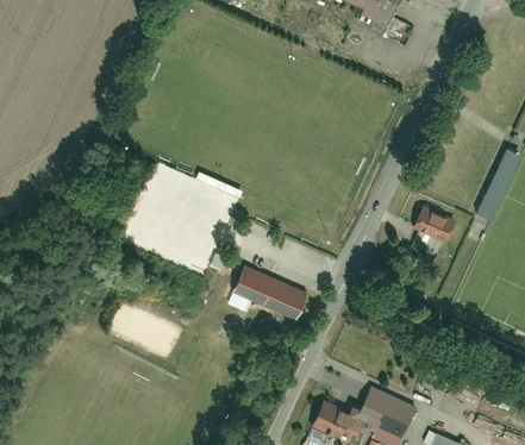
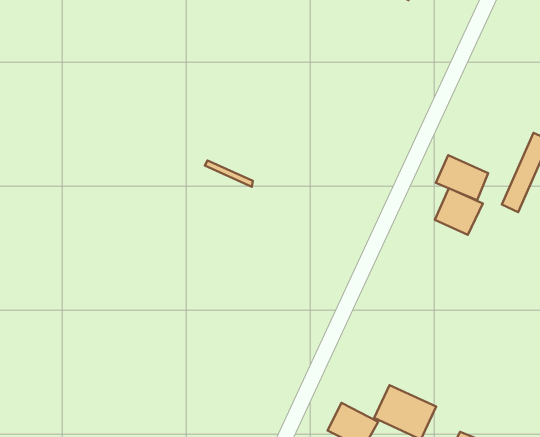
building: none -> [436,155,488,200]
building: [231,265,307,320] -> none

